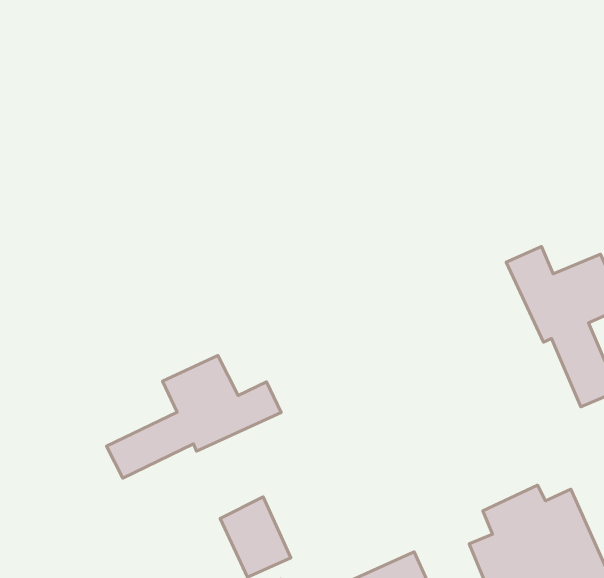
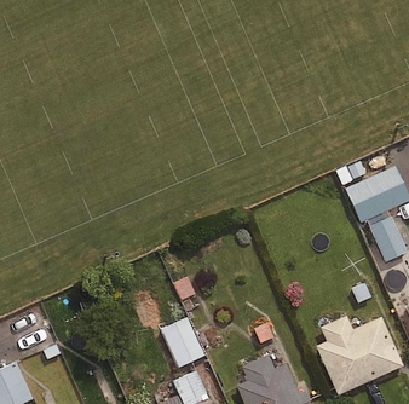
building: [107,355,281,478] -> none

